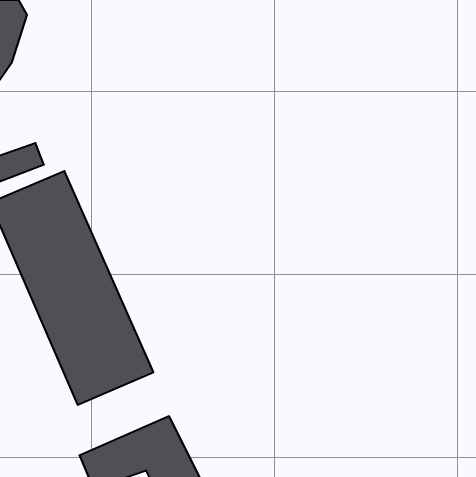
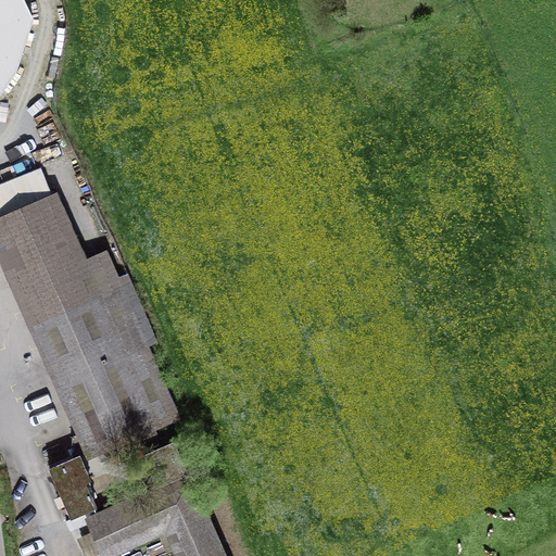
building: none -> [50,453,99,518]

